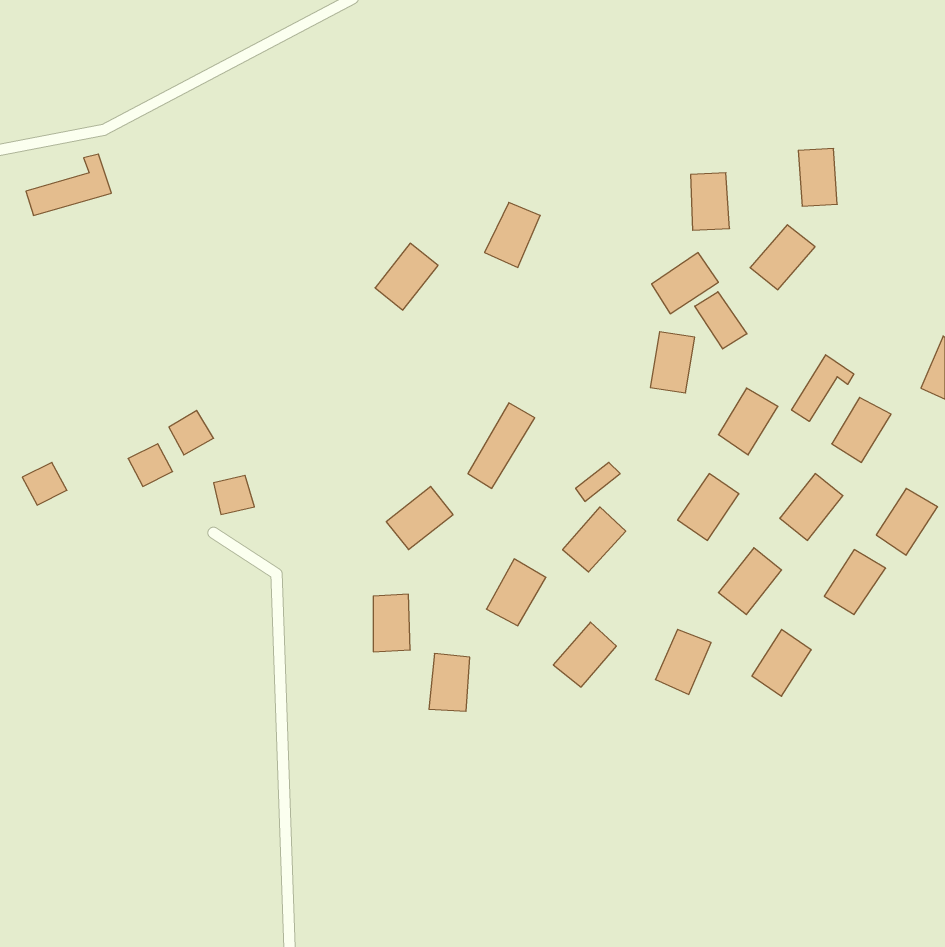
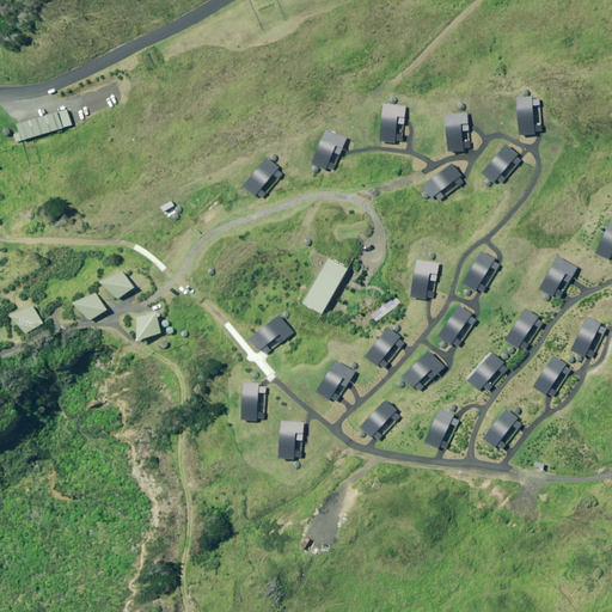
building: none -> [378,105,402,141]
building: [695,292,747,349] -> none
building: [650,332,695,393] -> [409,258,437,298]
building: [792,355,854,421] -> none
building: none -> [400,351,442,392]

